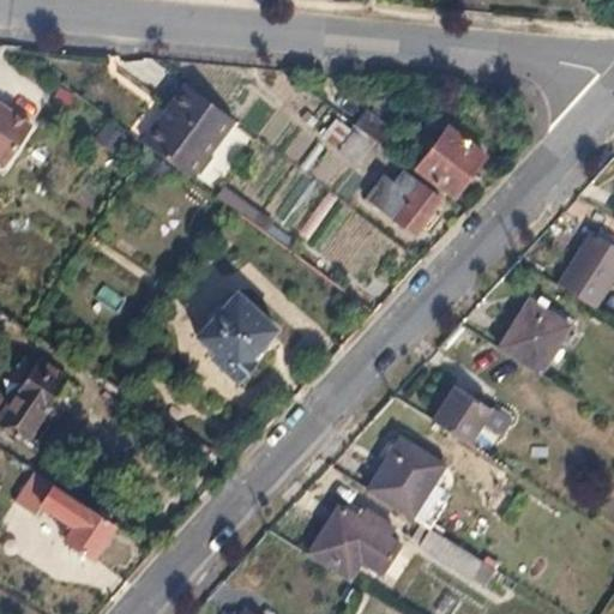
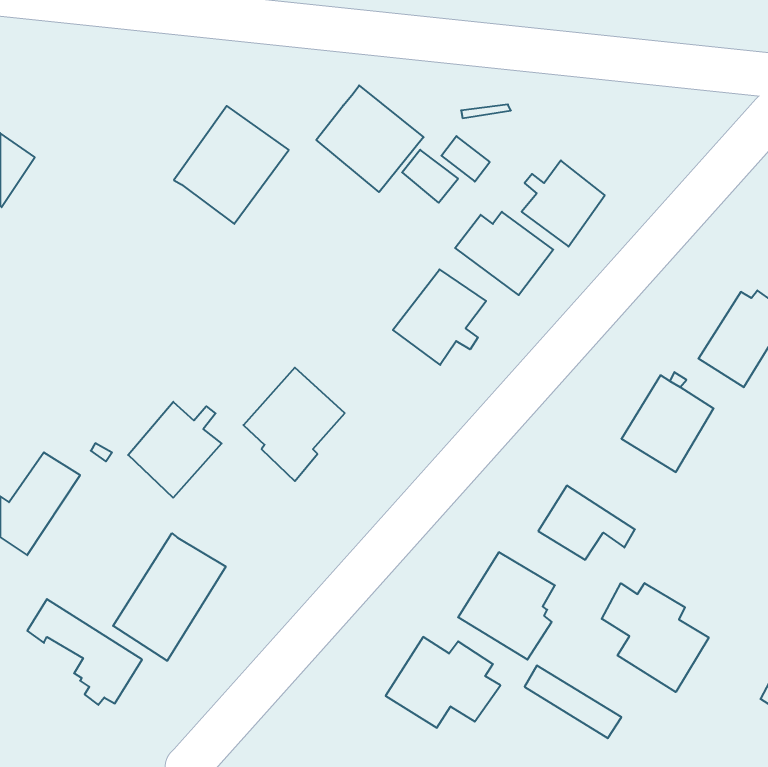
building: none -> [316,85,424,192]
building: none -> [393,269,486,365]
building: none -> [128,402,222,498]
building: none -> [113,533,226,661]
building: none -> [602,583,709,692]

